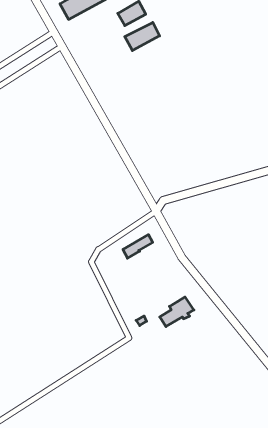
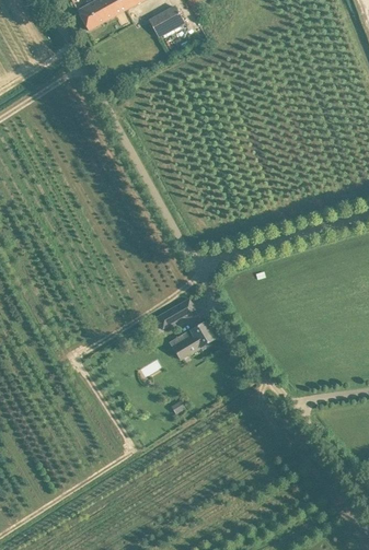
building: [125,22,160,51] -> none
building: [160,297,194,327] -> [173,321,216,359]

